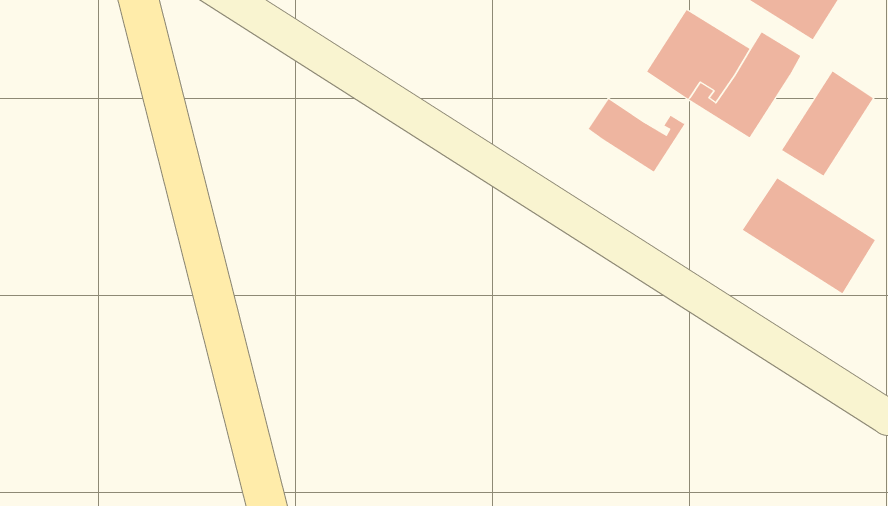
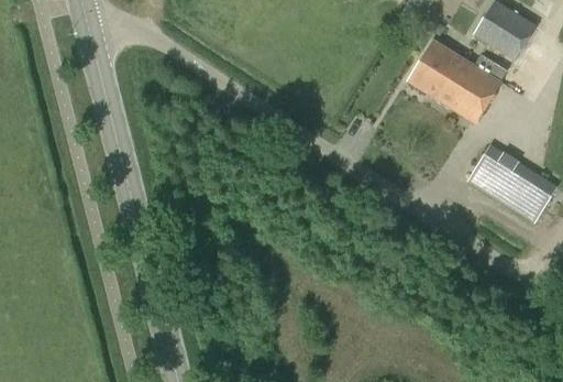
building: [781,70,874,176] -> none
building: [588,98,686,172] -> none

